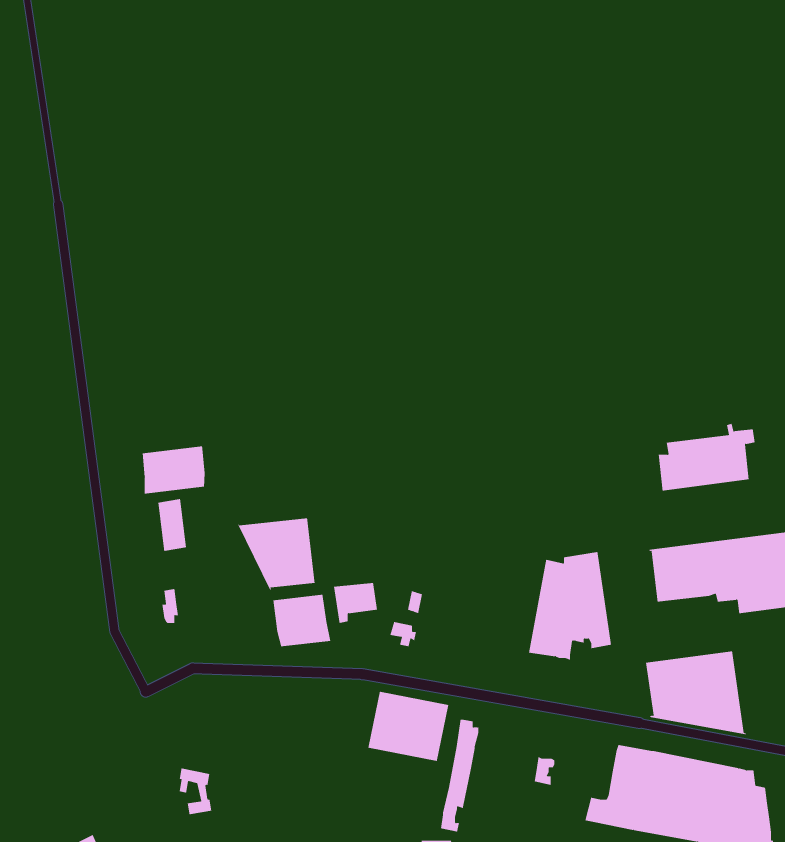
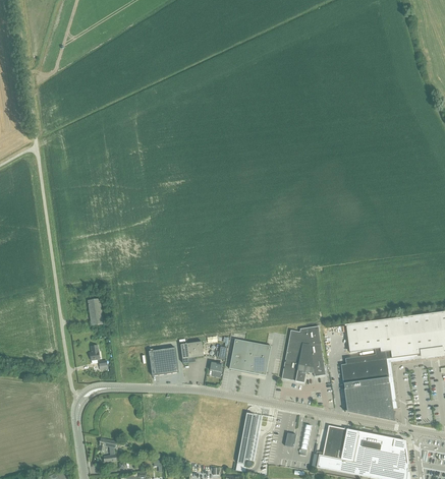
building: [658,423,755,491] -> [341,347,392,382]
building: [142,446,205,494] -> none
building: [237,517,315,591] -> none
building: [367,691,449,762] -> [229,338,272,374]

